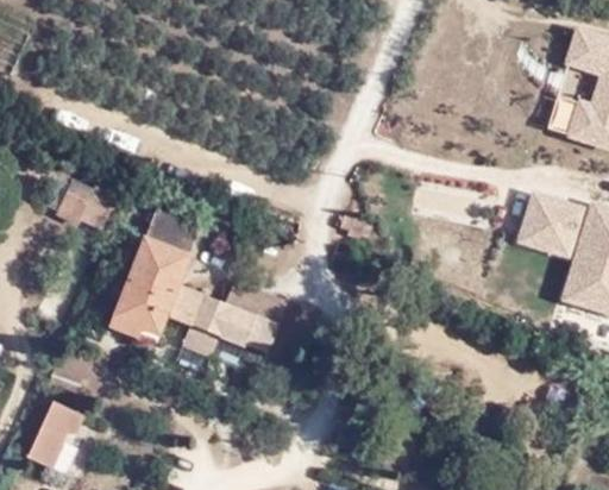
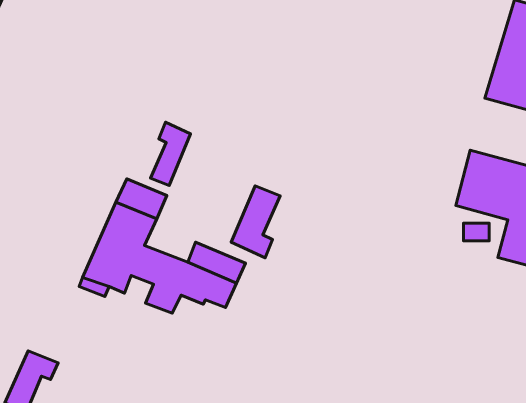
building: none -> [150,122,191,185]
building: [54,184,115,233] -> none
building: none -> [231,186,280,258]

